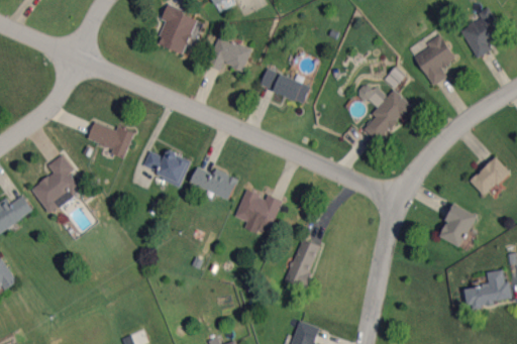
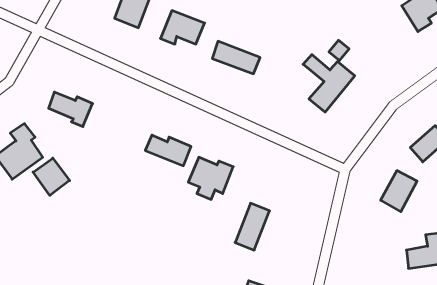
building: [415,34,455,85] -> none
building: [142,150,191,185] -> none
building: none -> [33,158,70,195]

